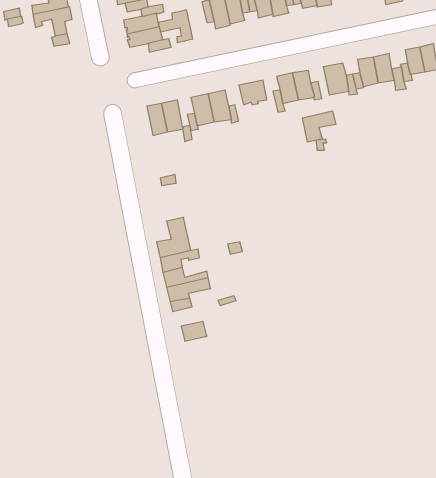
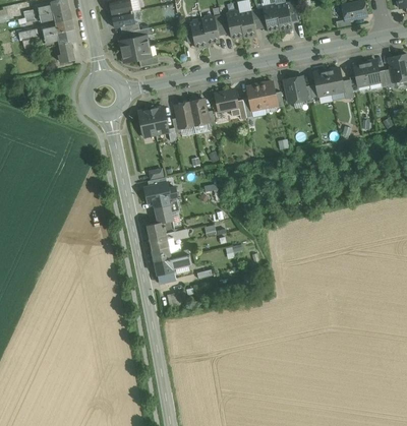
building: [159,10,193,43] -> none
building: [303,111,336,142] -> none
building: none -> [144,183,177,205]

